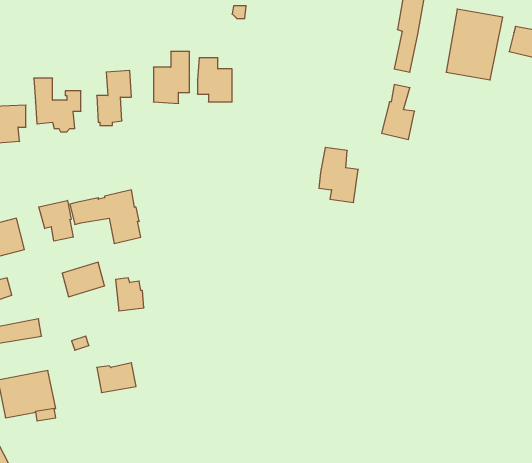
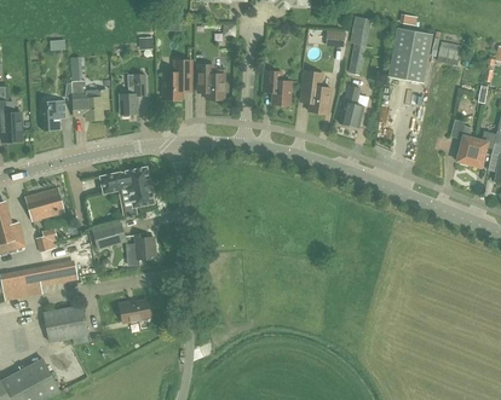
building: none -> [264,70,290,104]
building: [319,147,358,202] -> [299,70,329,112]
building: [39,200,73,241] -> none

